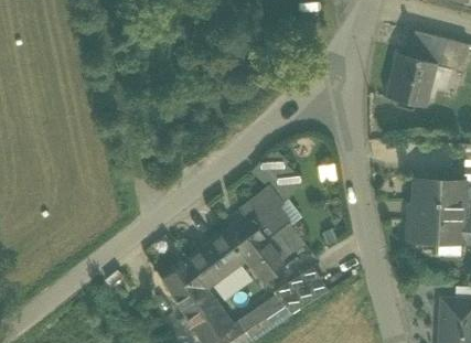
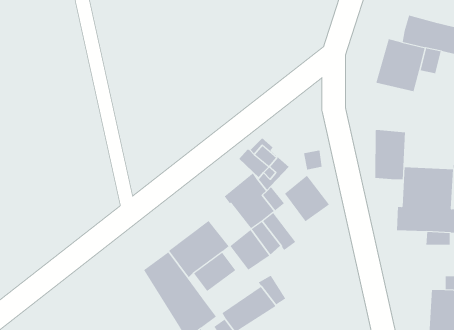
building: none -> [375,129,405,180]
building: none -> [284,175,330,222]
building: [225,215,266,257] -> none
building: [286,267,327,308] -> none

